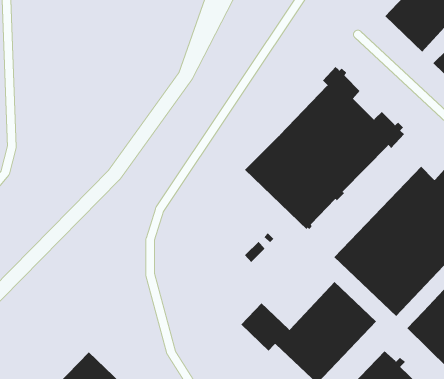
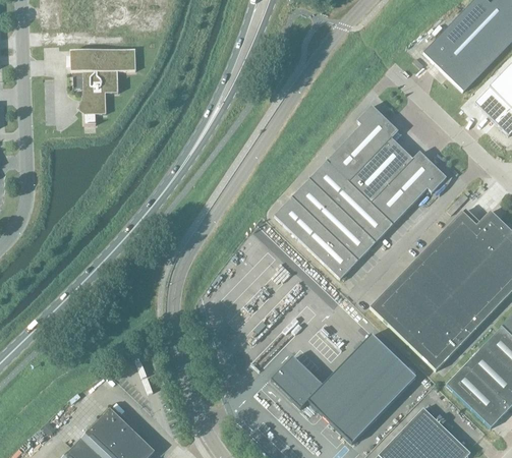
building: none -> [71,48,136,124]

